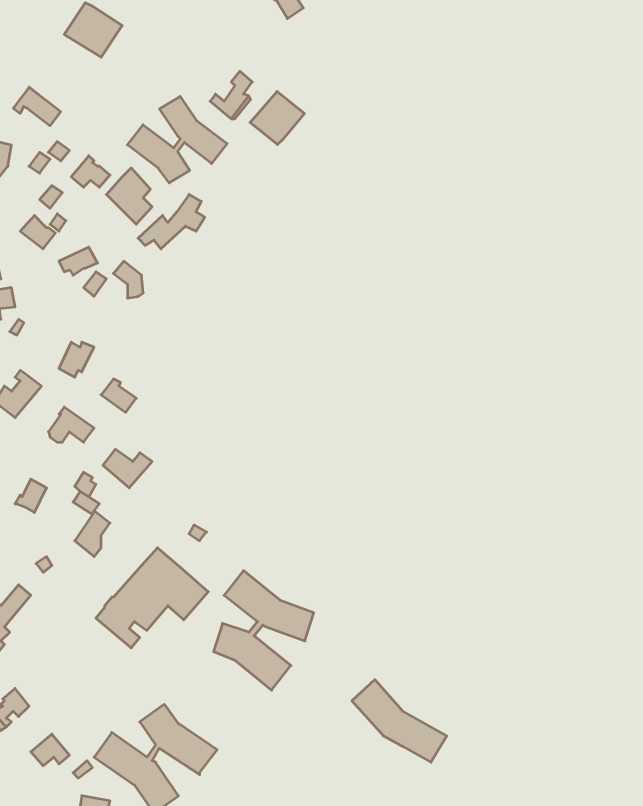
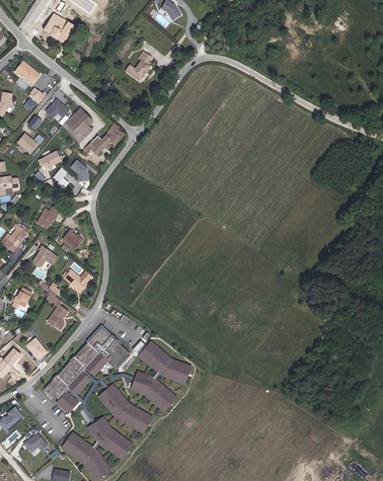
building: [250,91,304,145] -> none
building: [127,96,227,183] -> none
building: none -> [41,367,81,412]
building: [352,680,447,762] -> [95,383,150,430]

